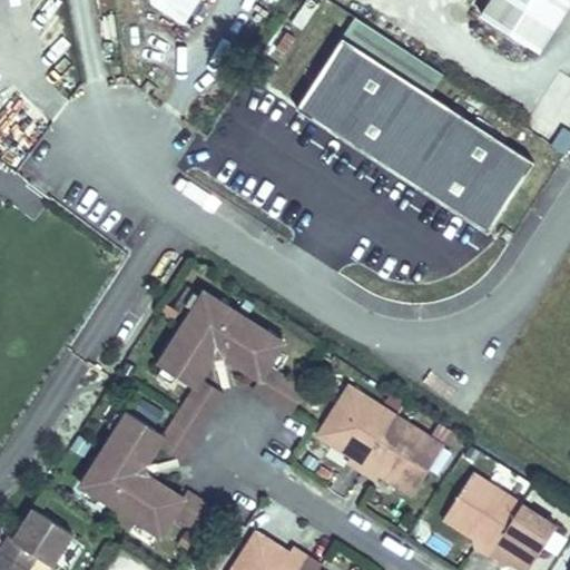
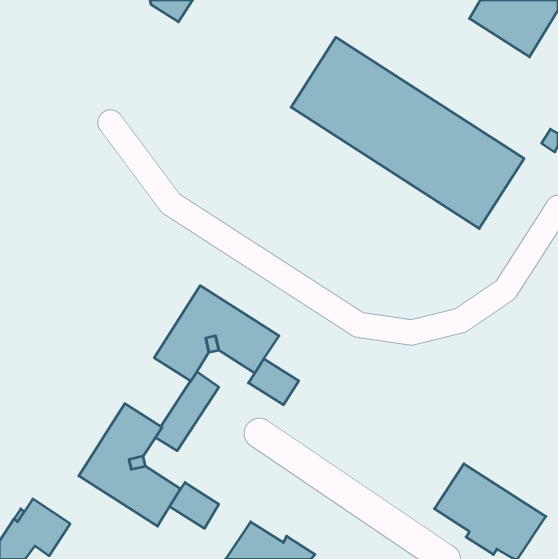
building: [342,18,440,92] -> none
building: [316,384,443,495] -> none

